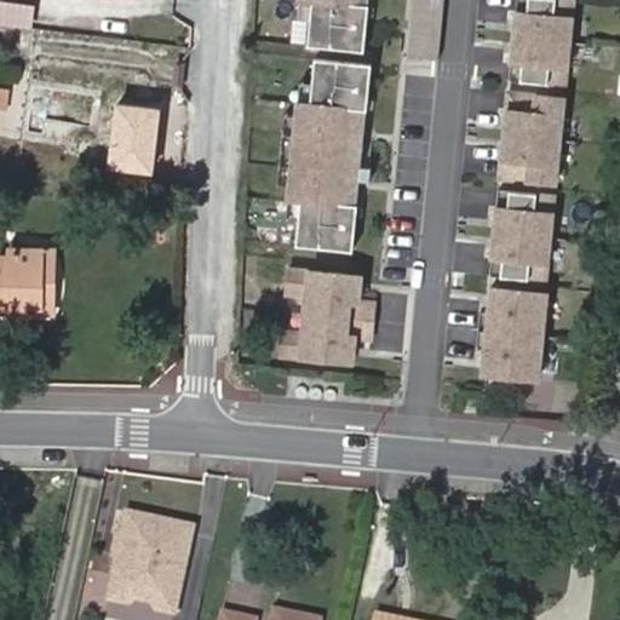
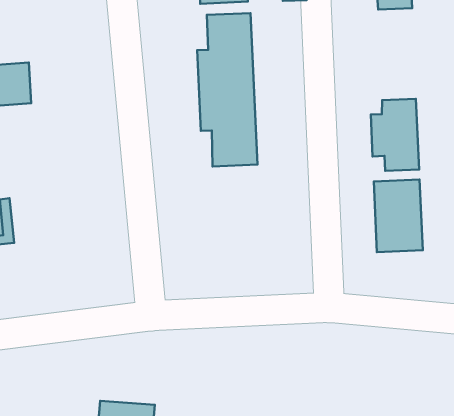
building: [499,93,562,184] -> none
building: [105,102,159,176] -> none
building: [279,271,375,358] -> none

